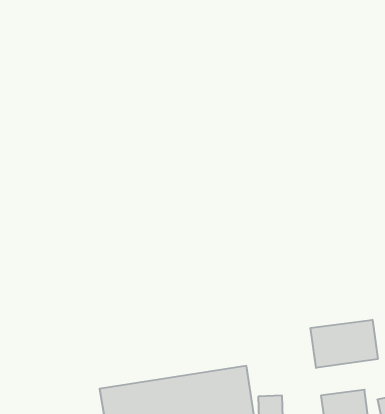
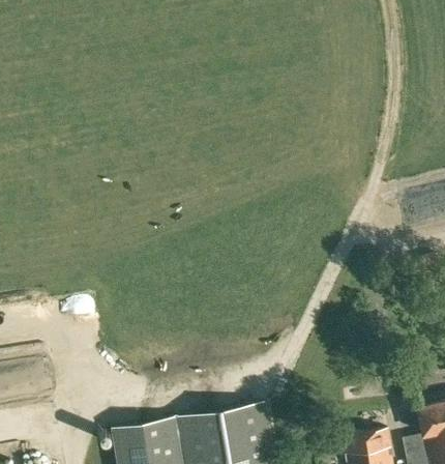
building: [311,320,378,368] -> none

